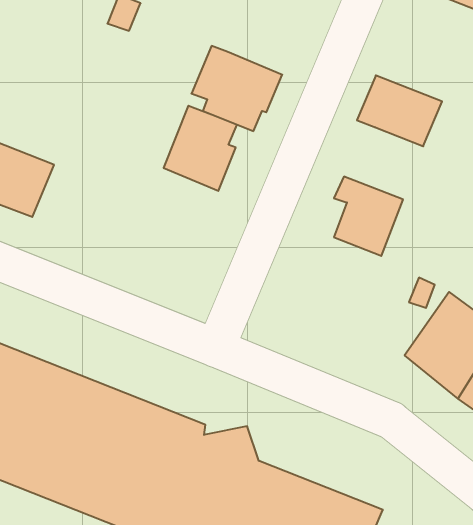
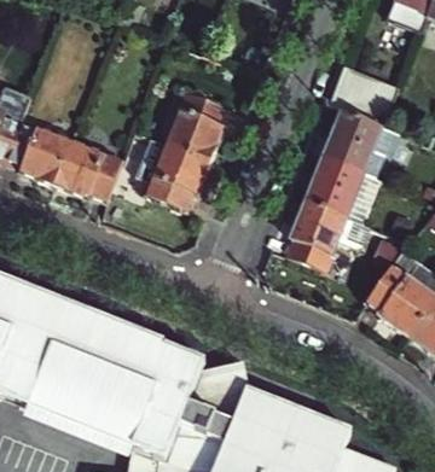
building: [191,46,282,131] -> [134,138,210,209]
building: none -> [315,109,406,175]
building: none -> [54,140,121,200]
building: none -> [288,200,370,270]

